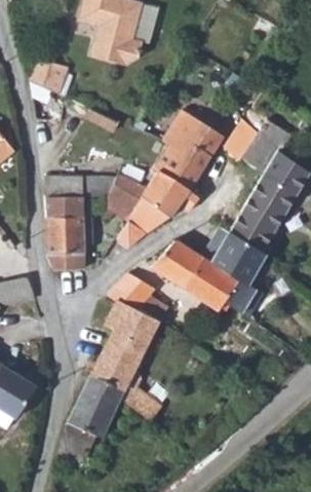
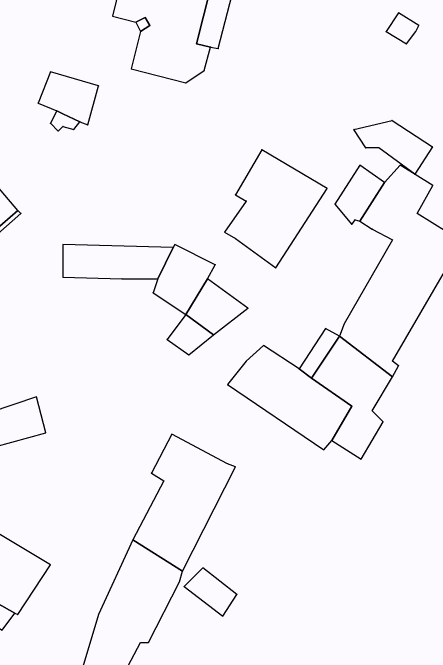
building: none -> [354,120,432,174]
building: [141,169,195,216] -> none
building: [45,195,84,252] -> none
building: [109,273,160,318] -> none

